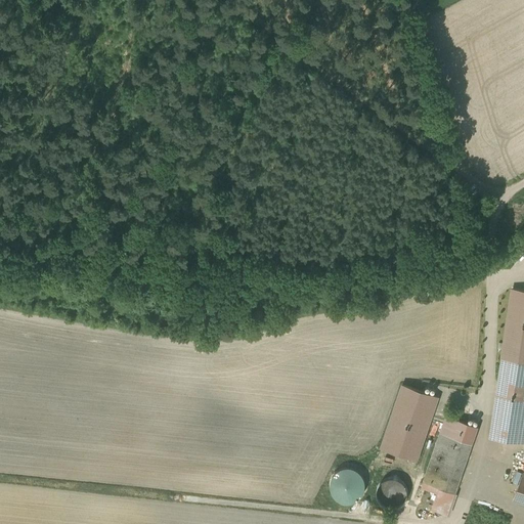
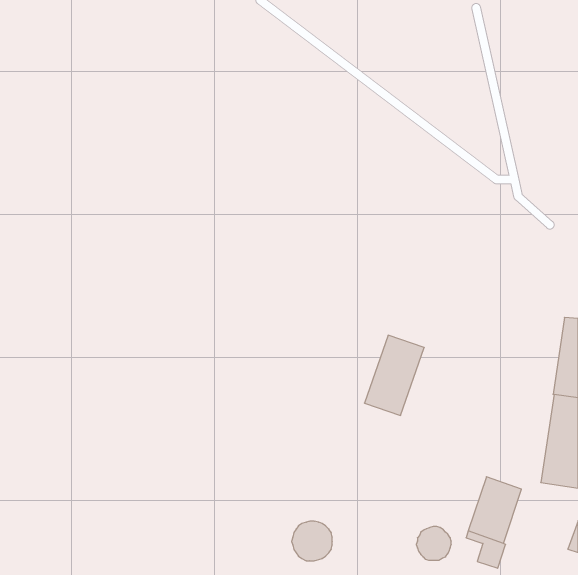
building: [383,387,437,460] -> [364,335,424,415]
building: [440,418,478,445] -> none
building: [329,468,365,504] -> [292,521,332,561]

